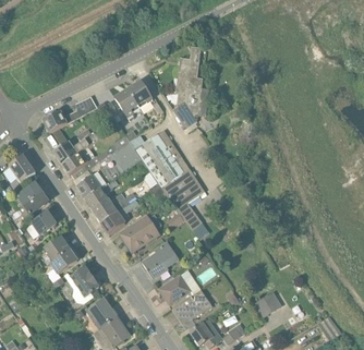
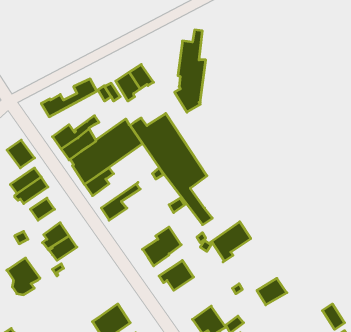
building: [93,192,137,222] -> none
building: [121,215,160,252] -> none
building: [66,267,99,303] -> [7,258,40,295]
building: [172,289,213,328] -> [210,222,251,262]
building: [86,298,118,329] -> none

